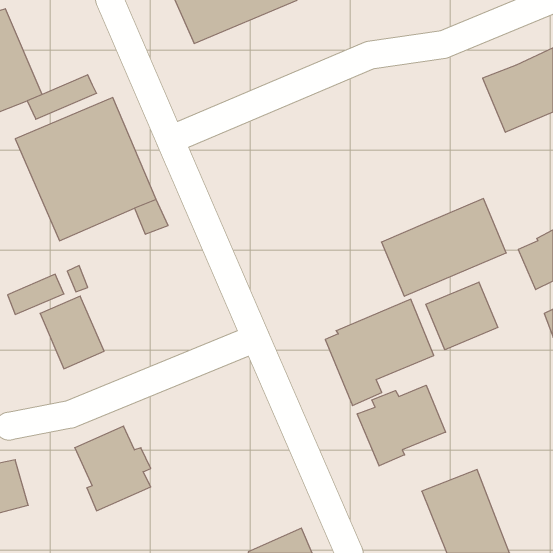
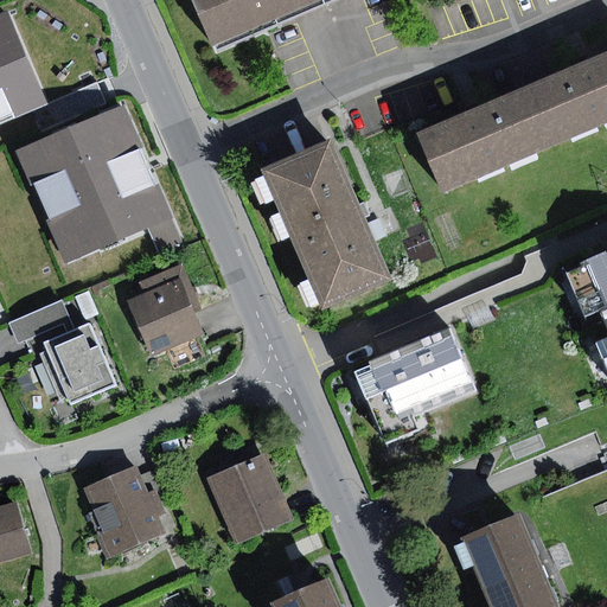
building: none -> [261,140,390,308]
building: [381,199,506,296] -> [416,85,552,192]
building: none -> [127,263,204,368]
building: [426,282,498,350] -> none
building: [357,385,446,466] -> none
building: none -> [206,453,294,544]

